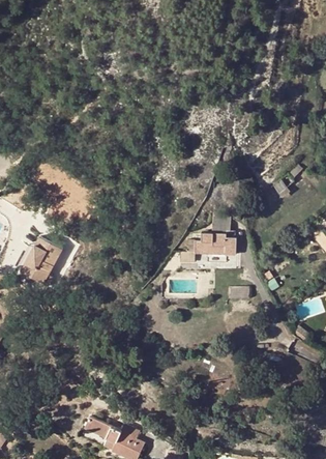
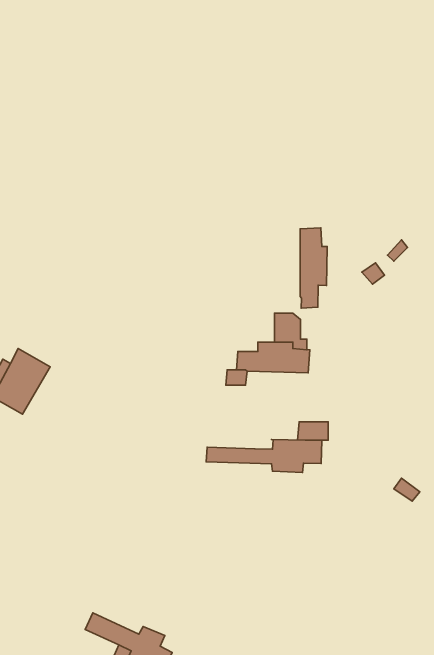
building: none -> [300,228,327,308]
building: none -> [206,439,322,473]

